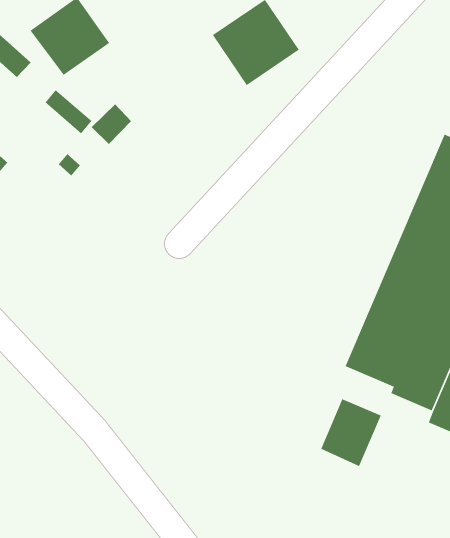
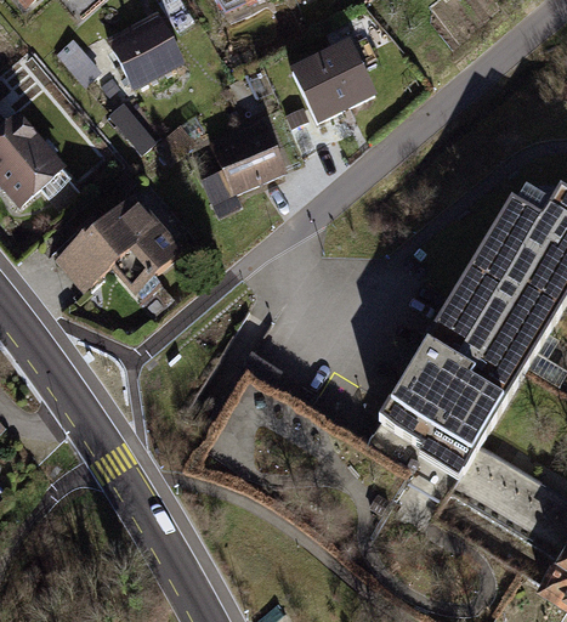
building: none -> [200,115,287,214]
building: none -> [55,194,181,290]
building: [320,398,382,467] -> none

